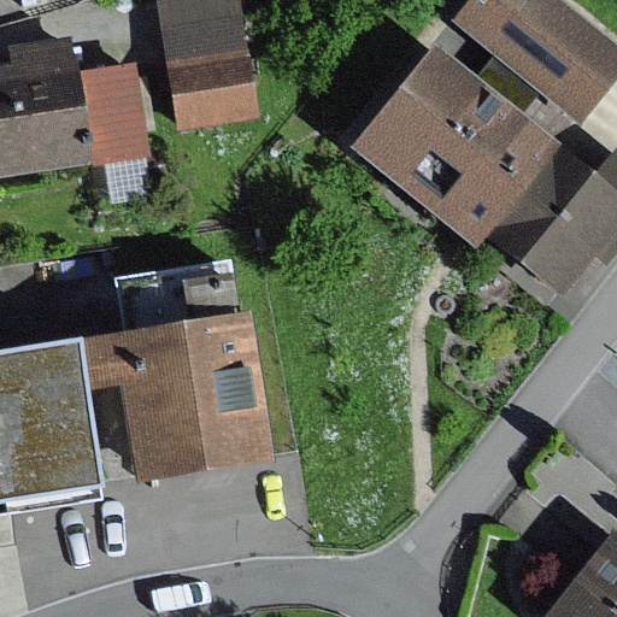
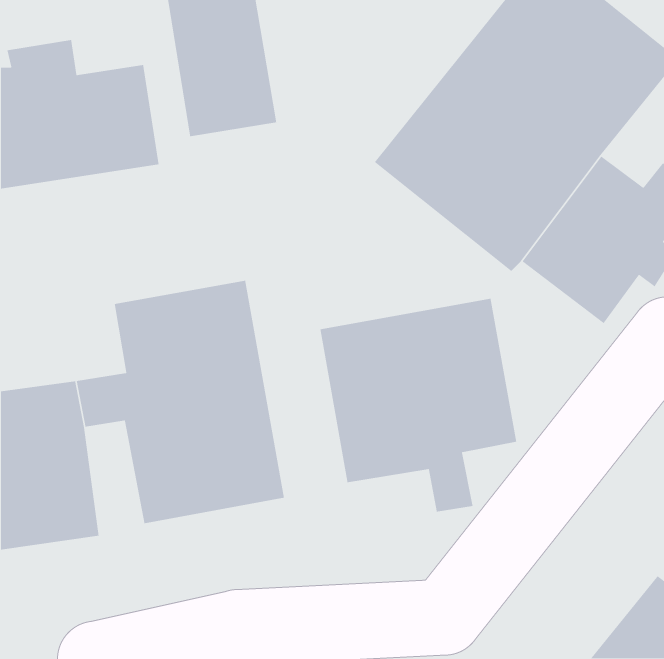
building: none -> [320,298,517,513]

